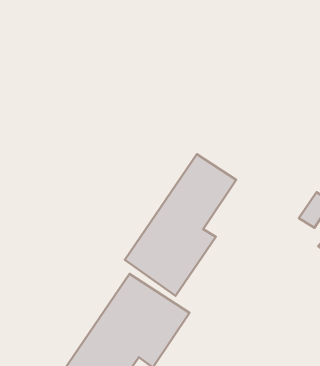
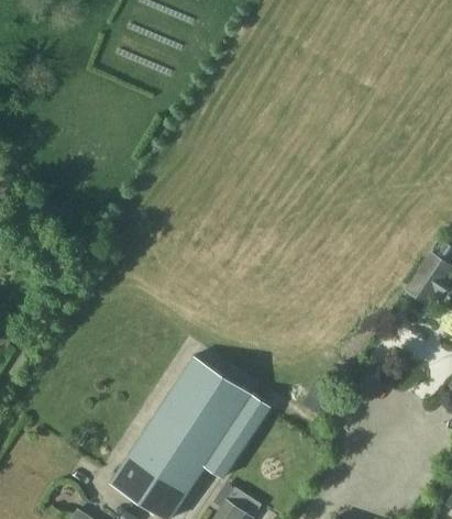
building: [125,154,236,296] -> none

